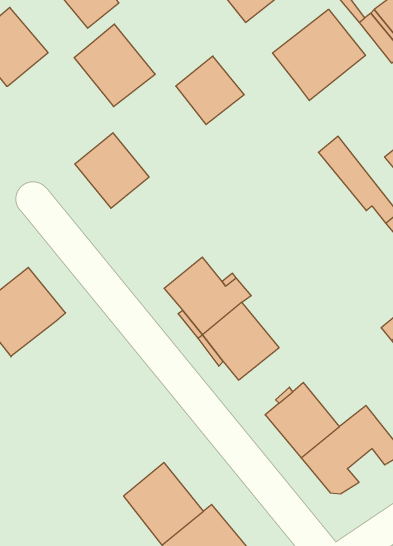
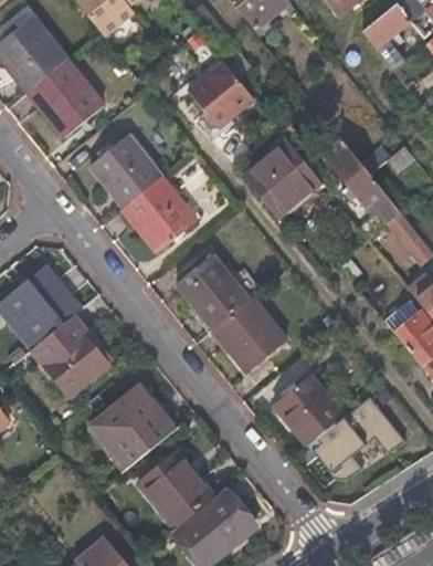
building: [273,9,365,101] -> none
building: [74,24,155,107] -> [28,60,105,138]
building: none -> [244,143,318,214]
building: none -> [124,178,197,252]
building: none -> [31,315,108,396]
building: none -> [89,385,175,469]

